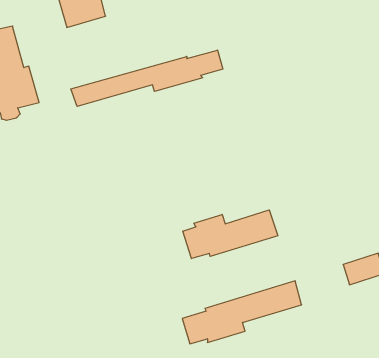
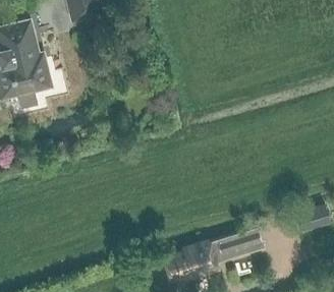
building: [71,50,223,106] -> none
building: [183,210,278,259] -> none

